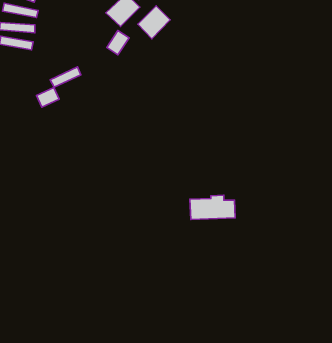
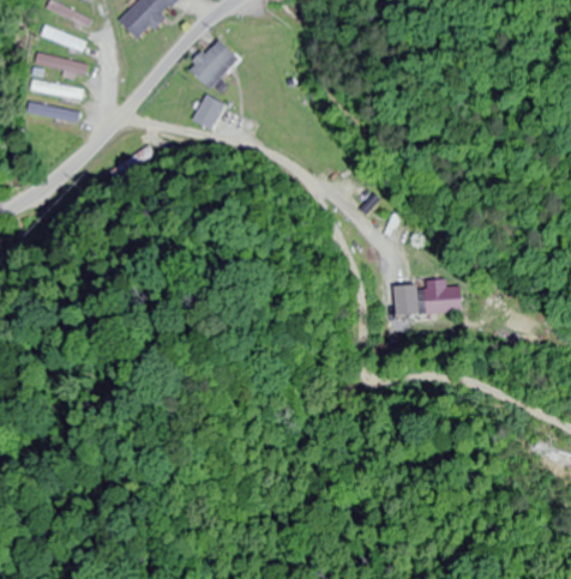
building: [138,6,170,39] -> none
building: [37,87,59,107] -> none
building: [190,195,235,219] -> [392,279,459,315]

